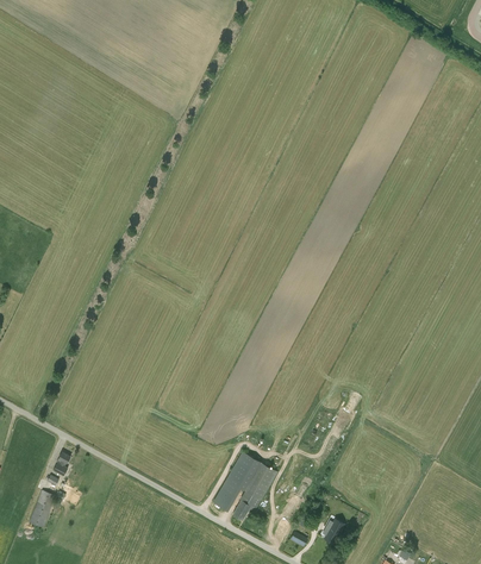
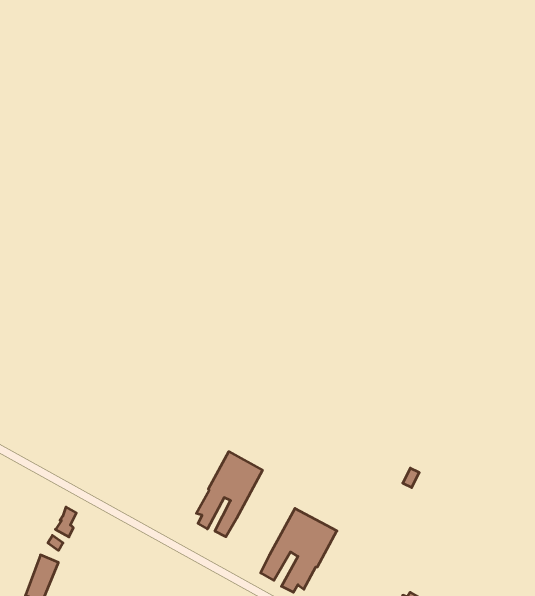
building: none -> [196,452,262,537]

